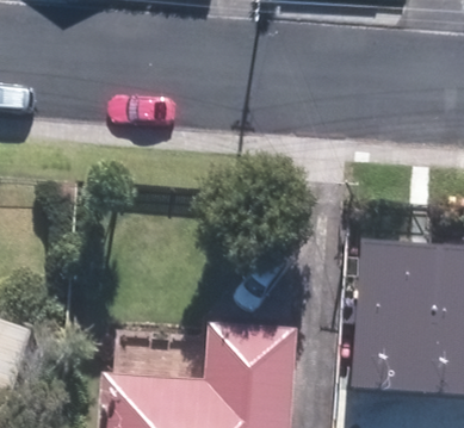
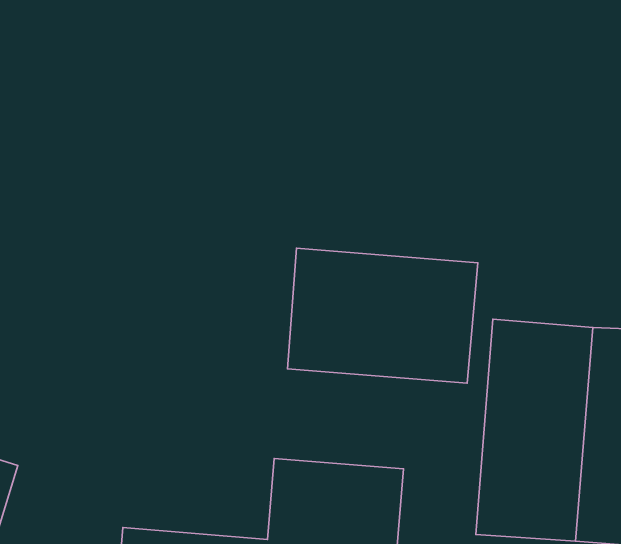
building: none -> [287,248,478,383]

